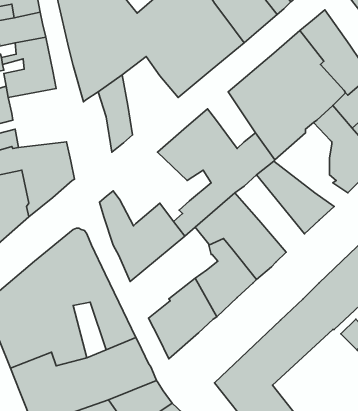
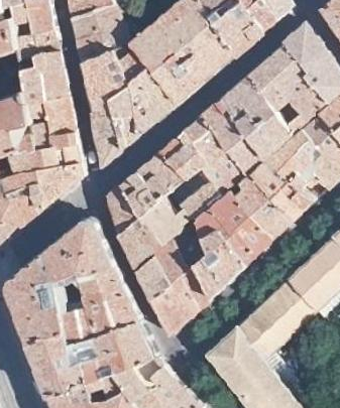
building: none -> [126,69,176,138]
building: none -> [25,97,77,149]
building: none -> [89,100,117,167]
building: none -> [202,100,244,150]
building: none -> [260,127,312,189]
building: none -> [118,153,184,219]
building: none -> [232,173,288,242]
building: none -> [133,220,206,300]

